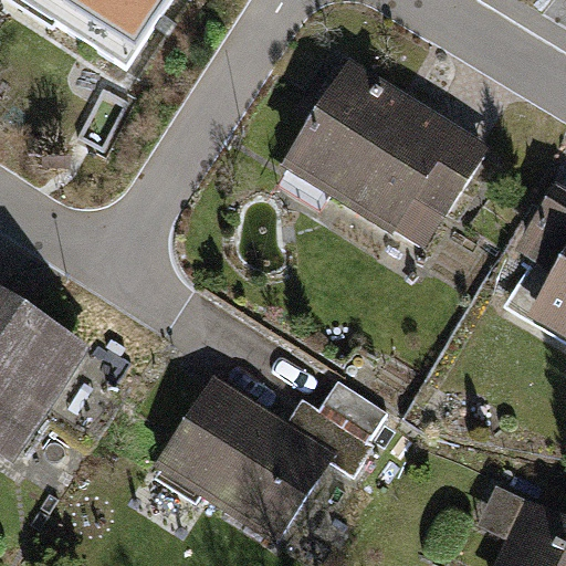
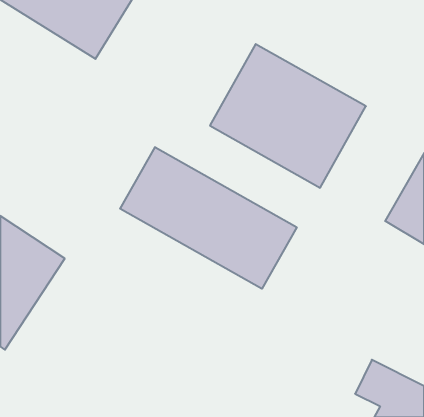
building: none -> [120,147,297,289]
building: [157,378,391,543] -> none

